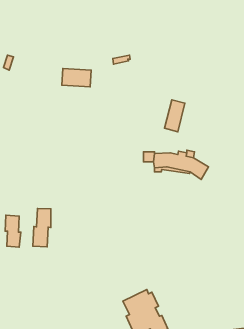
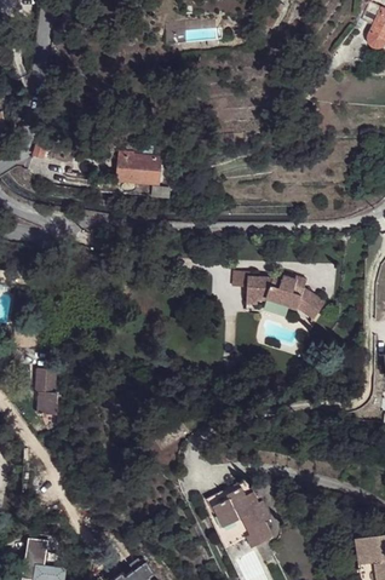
building: [165,100,185,132] -> none
building: [33,208,51,247] -> none

